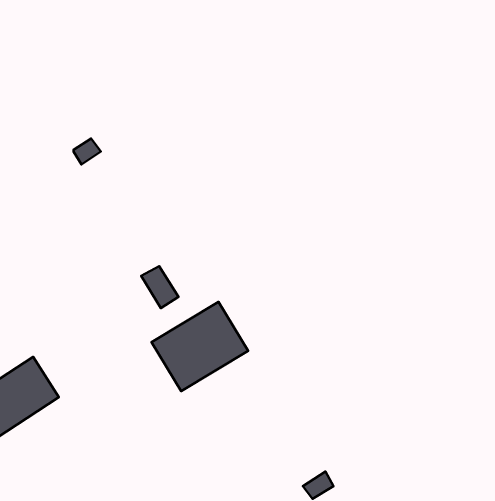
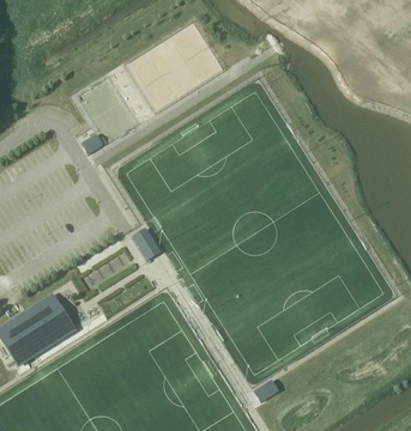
building: [151,302,248,391] -> none

